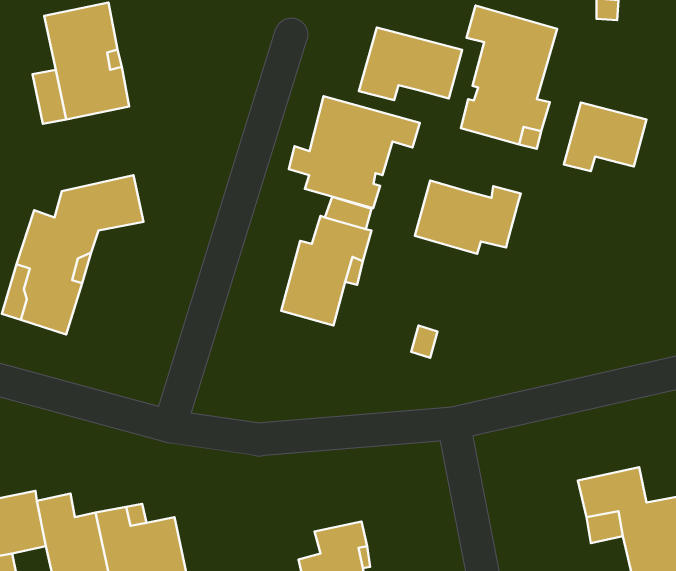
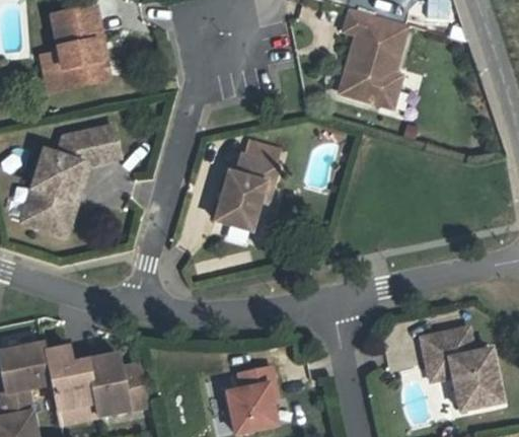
building: [359,28,462,100] -> none
building: [289,96,420,208] -> none
building: [564,103,647,171] -> none
building: [415,180,521,254] -> none

